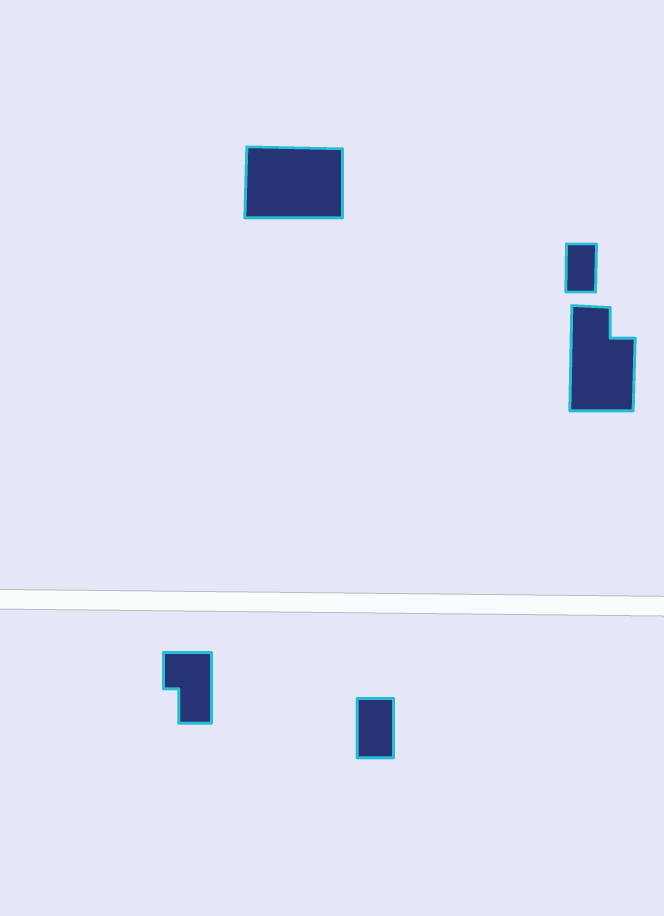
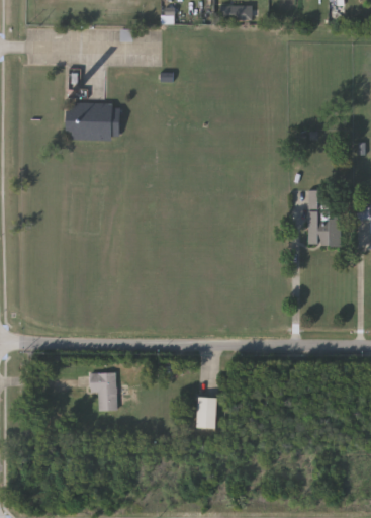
building: [245,147,343,218] -> [70,102,121,140]
building: [566,244,596,292] -> none

